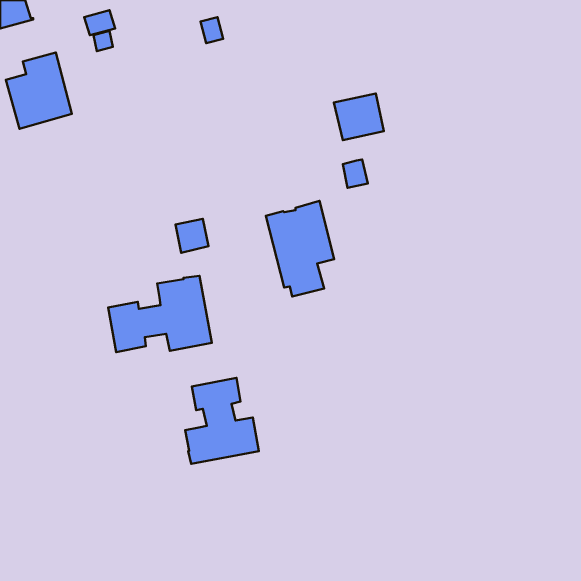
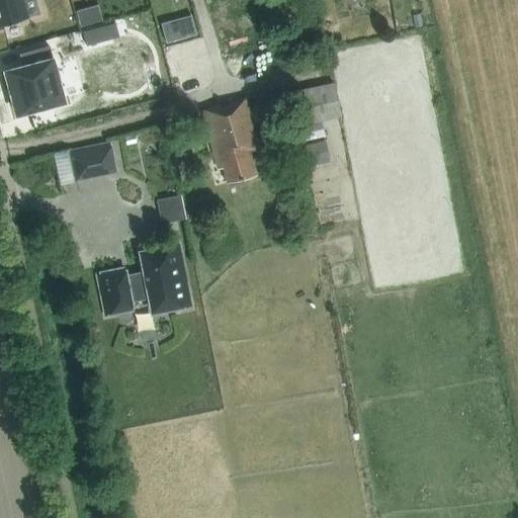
building: none -> [72,144,115,178]
building: [266,201,334,297] -> [206,99,267,184]
building: [185,378,259,464] -> none

